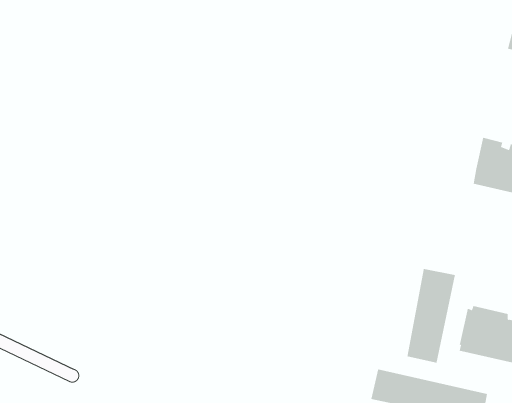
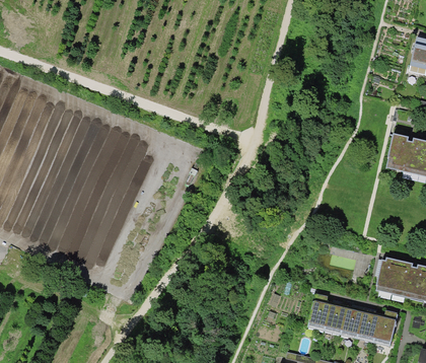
building: [407,268,456,364] -> none

